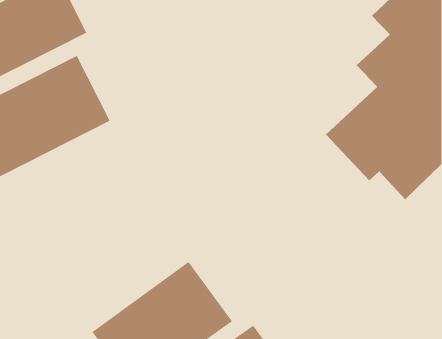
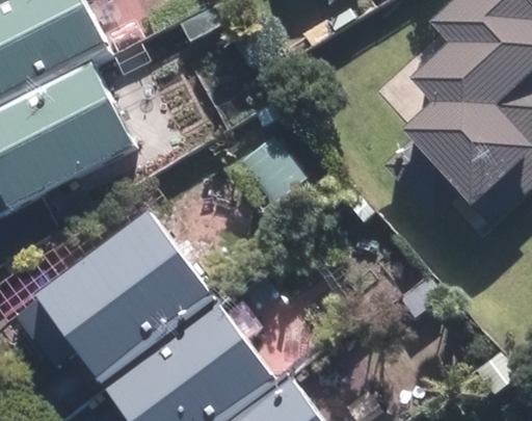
building: none -> [12,214,212,374]

